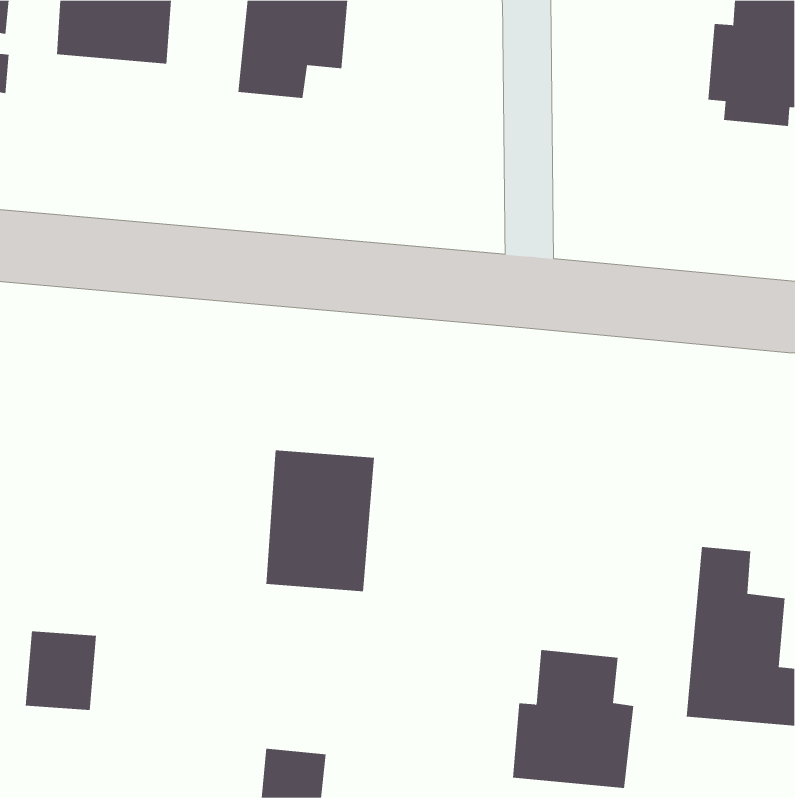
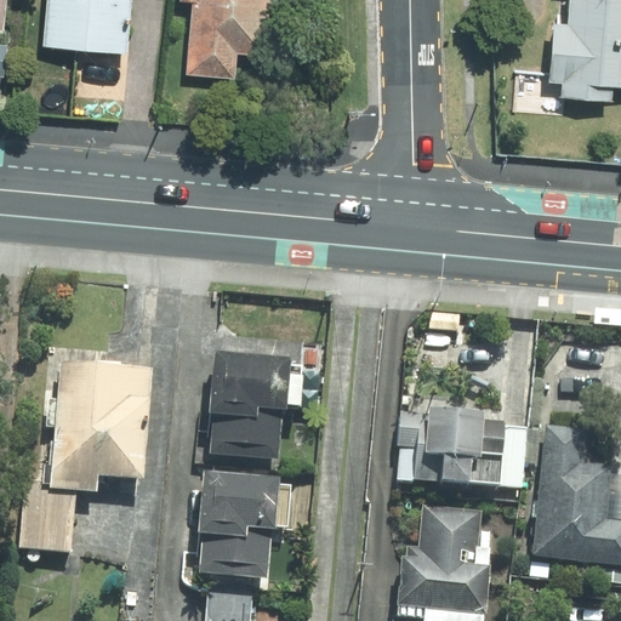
building: none -> [50,360,154,491]
building: none -> [397,405,526,488]
building: none -> [194,469,279,579]

